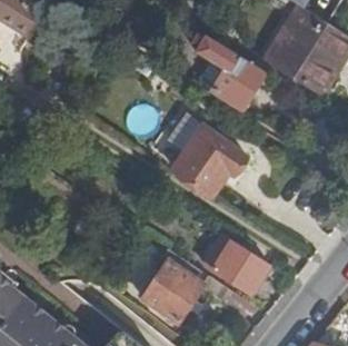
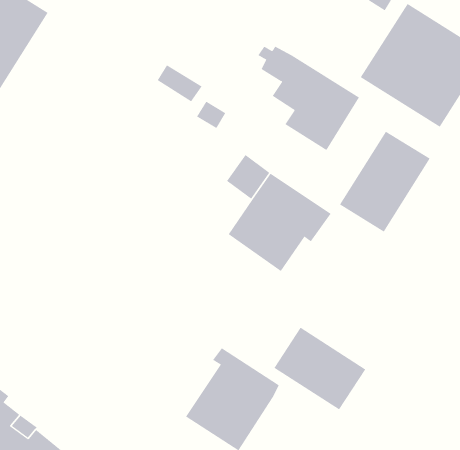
building: none -> [339,131,430,232]

